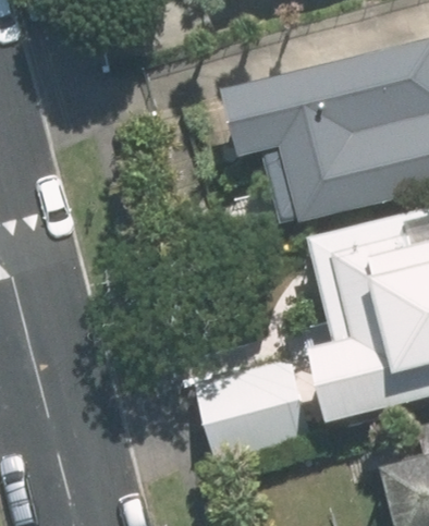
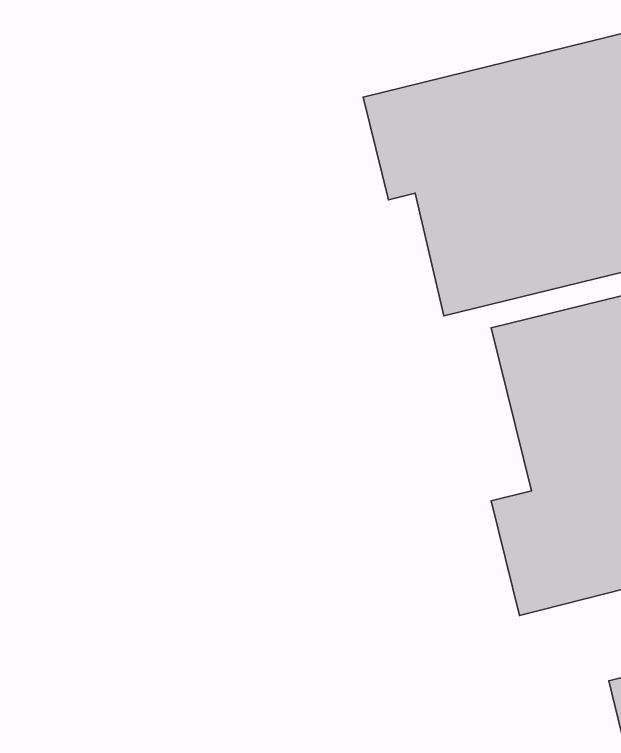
building: [200,362,308,452] -> none

